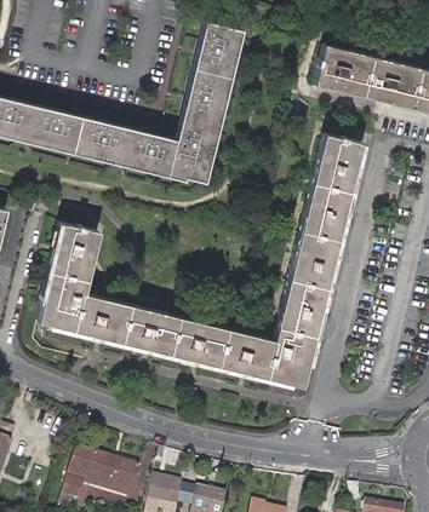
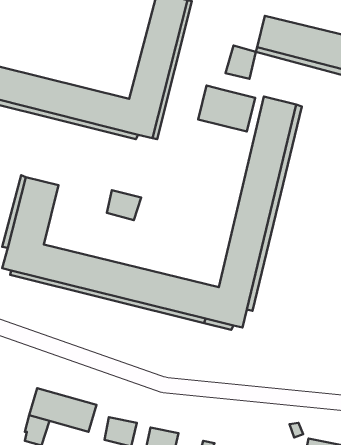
building: none -> [226,45,256,79]
building: none -> [198,86,255,132]
building: none -> [107,190,141,220]

